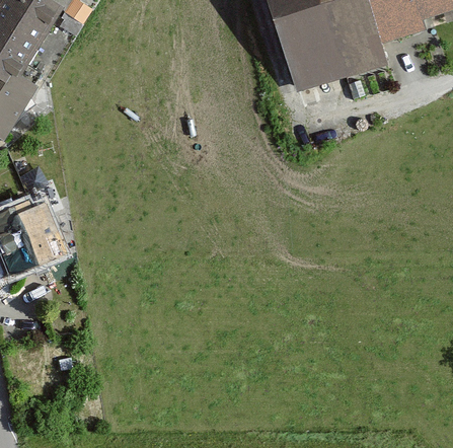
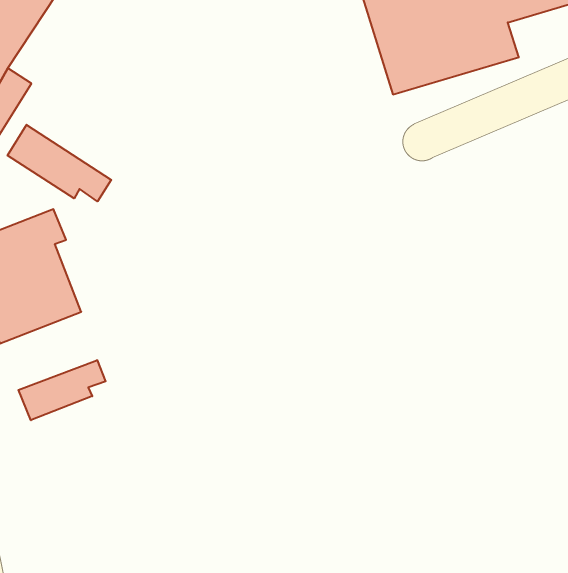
building: none -> [8,125,111,201]
building: none -> [18,360,106,420]

